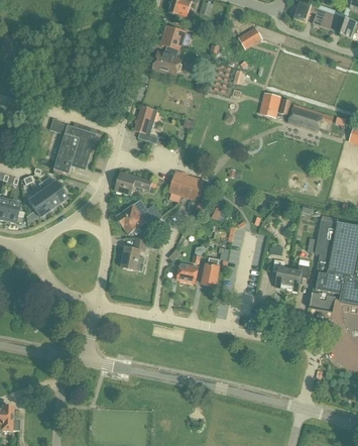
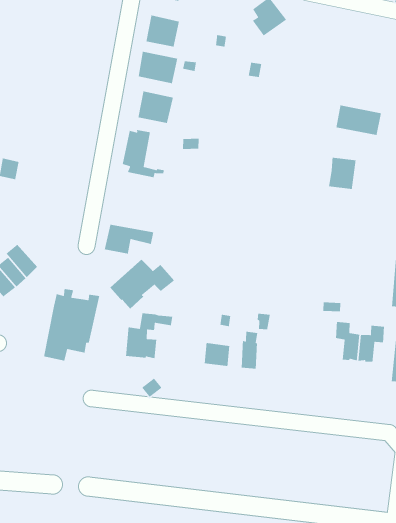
building: none -> [137,90,174,124]
building: [258,92,280,117] -> [328,157,356,190]
building: [51,121,97,174] -> [43,288,100,361]
building: [167,172,204,202] -> none

